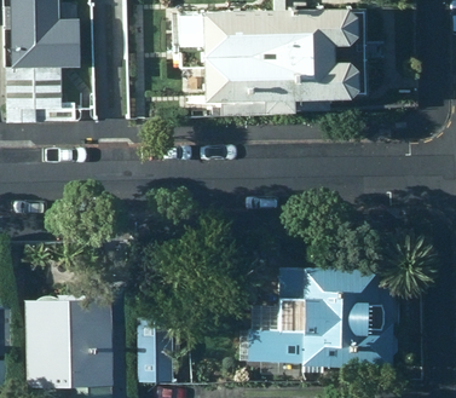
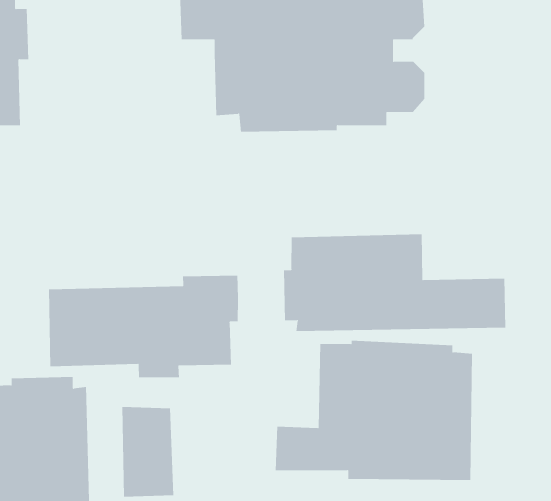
building: none -> [284,233,506,332]
building: none -> [49,275,239,378]

